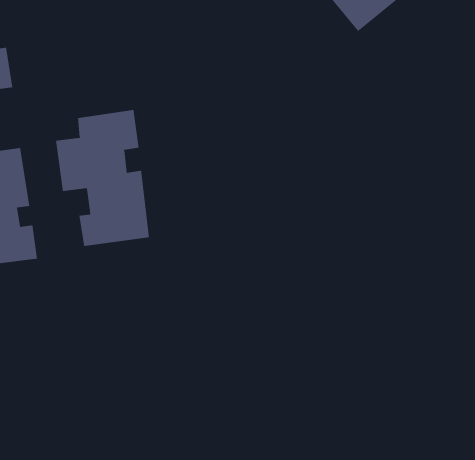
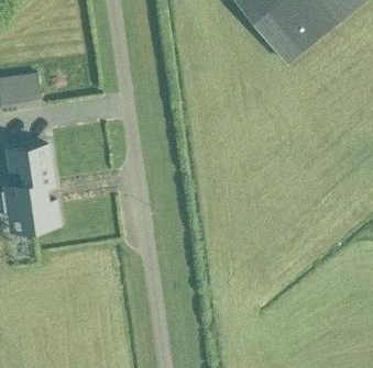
building: [55,109,150,247] -> none

